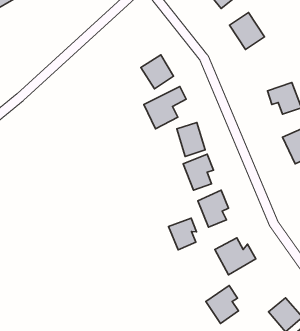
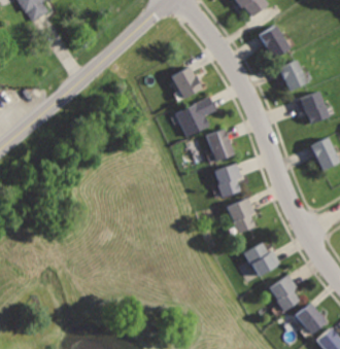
building: none -> [278,60,308,92]
building: [169,218,197,250] -> none
building: [206,286,239,324] -> [267,275,299,312]

